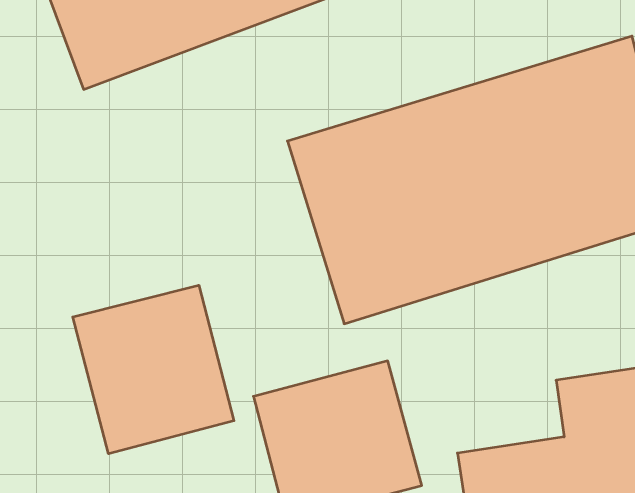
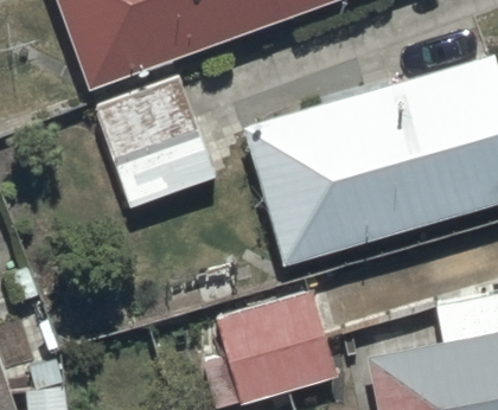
building: none -> [94,76,216,207]
building: [73,285,234,454] -> none

